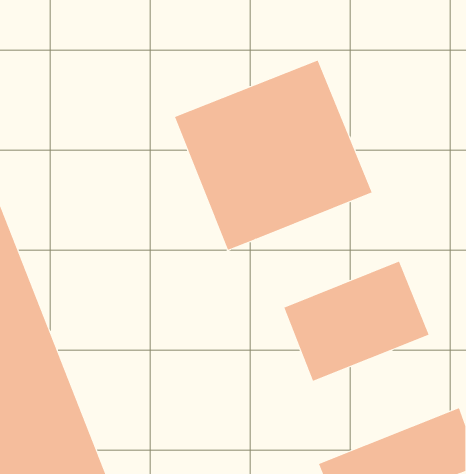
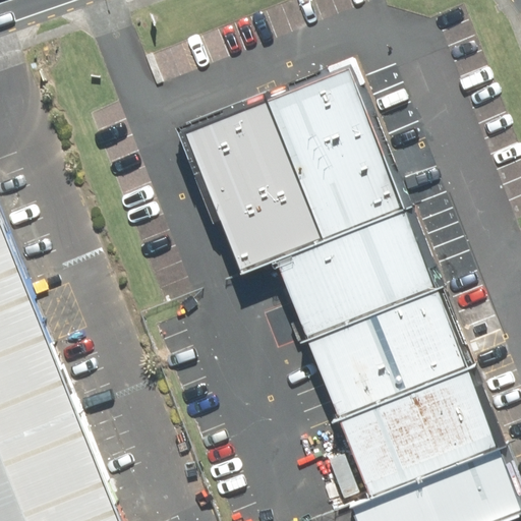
building: none -> [278,214,435,339]
building: none -> [340,368,500,499]

